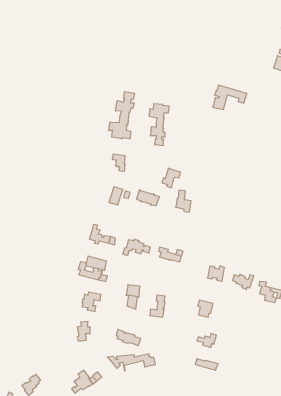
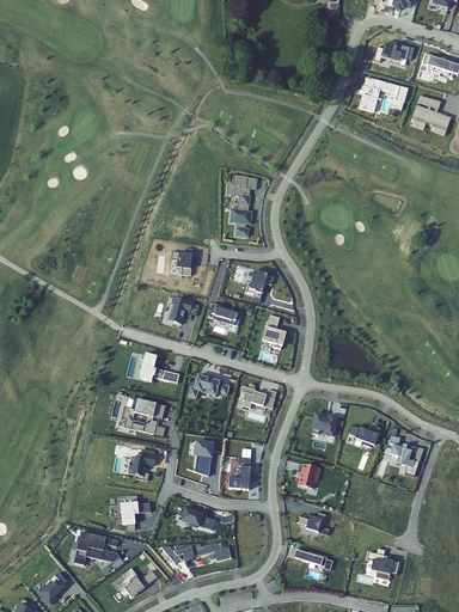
building: none -> [375,42,415,65]
building: [213,85,247,110] -> [359,75,409,111]
building: [109,92,135,139] -> none
building: none -> [74,531,120,563]
building: none -> [368,551,400,580]

